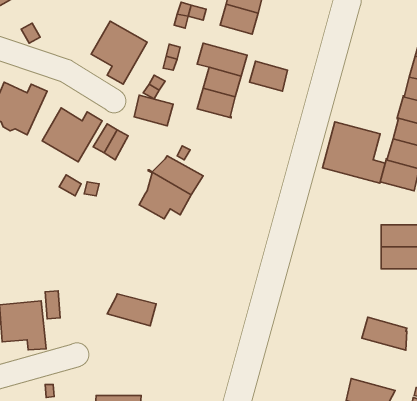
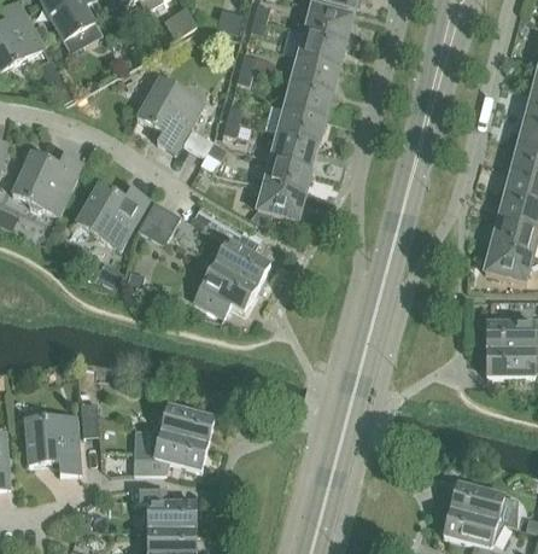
building: [250,61,288,91] -> [285,81,331,117]
building: [134,95,173,126] -> [258,182,305,220]
building: [323,122,385,183] -> none
building: none -> [112,430,207,473]
building: [362,317,407,350] -> [450,483,504,523]
building: none -> [133,488,197,529]

